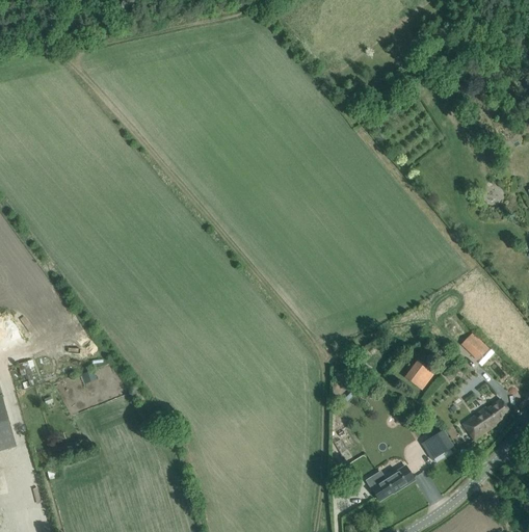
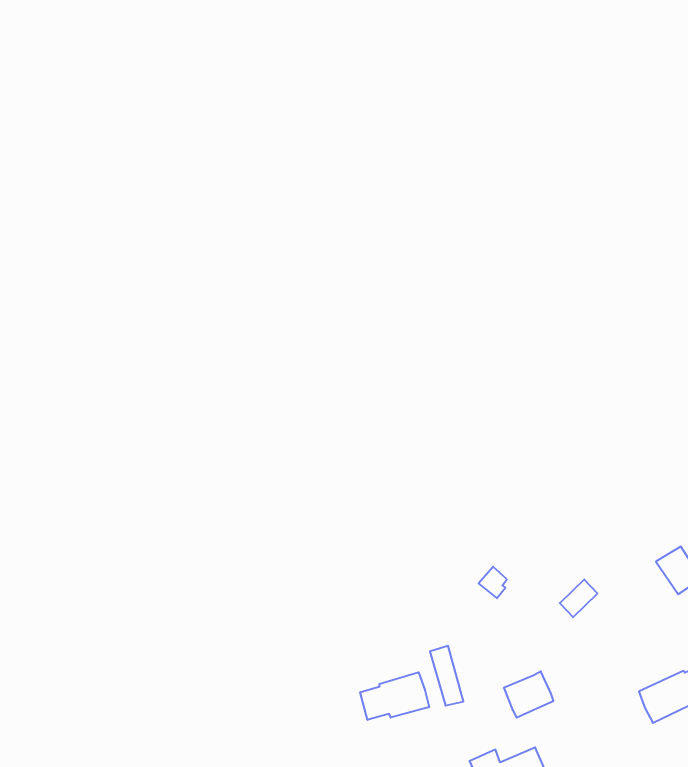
building: [420,430,451,460] -> [504,671,553,717]
building: none -> [360,672,429,720]

